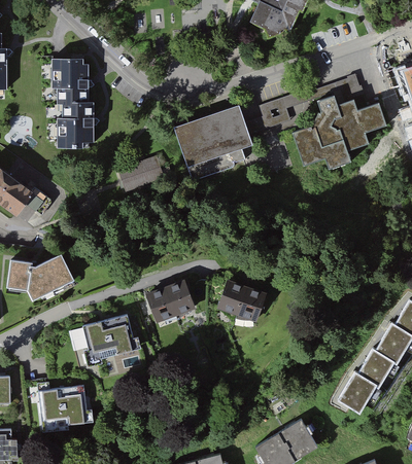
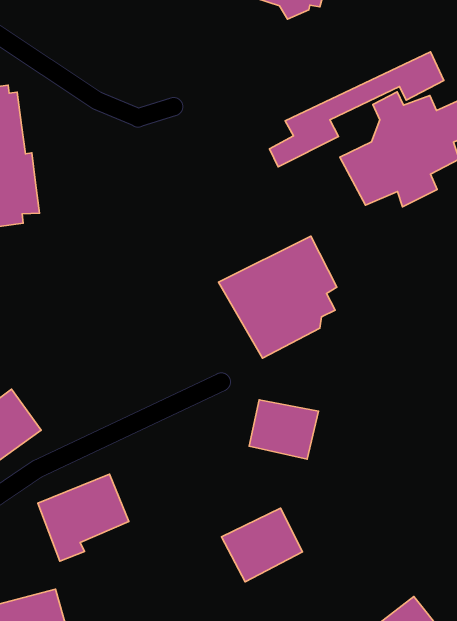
building: [177,105,252,179] -> [219,236,337,358]
building: [119,153,169,191] -> none
building: [139,281,190,325] -> [222,508,303,582]

